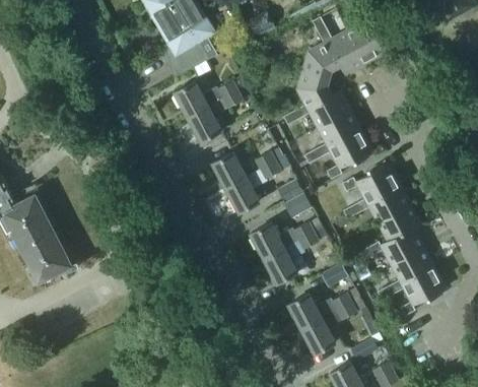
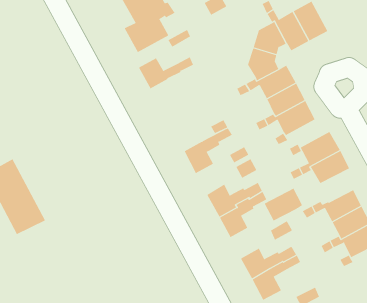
building: [188,89,242,140] -> none
building: [212,151,246,186] -> none
building: [378,205,421,243] -> [264,188,303,222]

